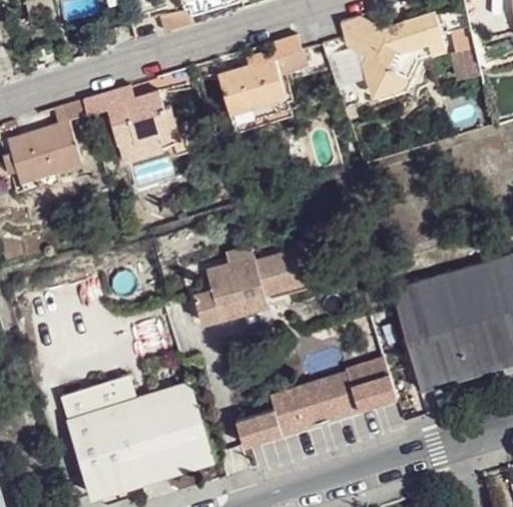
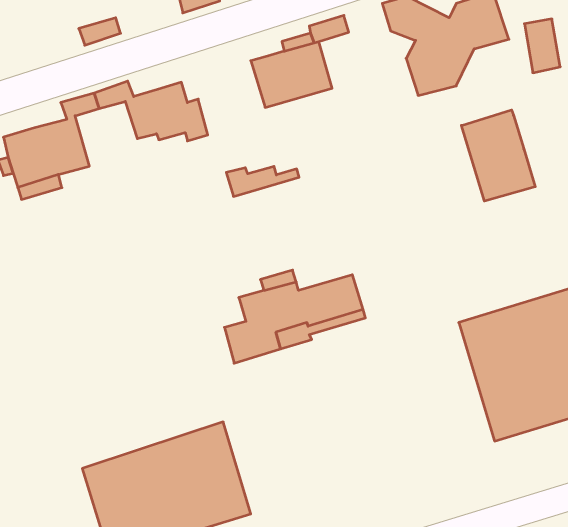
building: none -> [461,110,535,201]
building: [122,133,183,158] -> [226,166,299,196]
building: [231,362,396,450] -> none
building: [67,374,124,415] -> none

